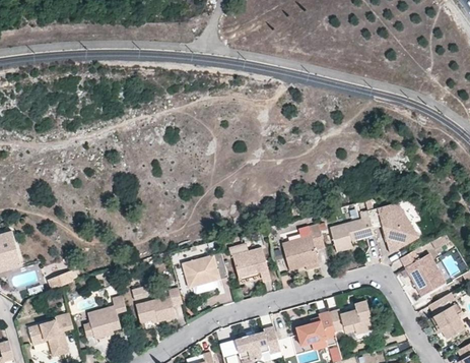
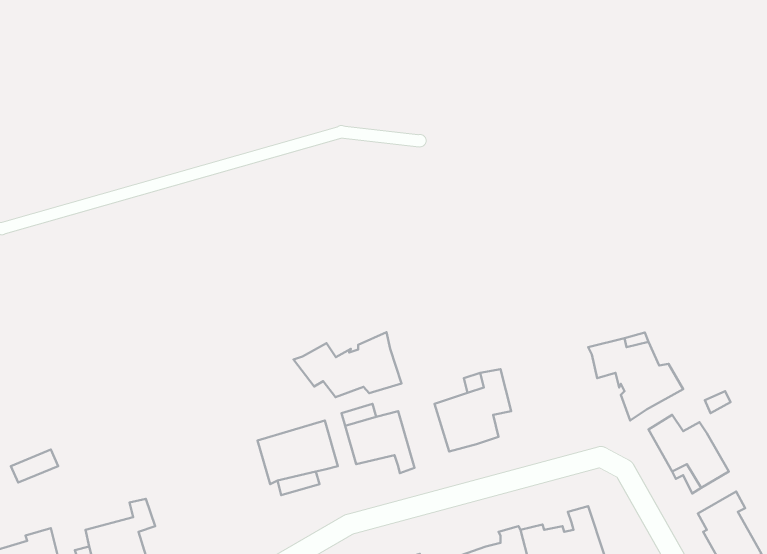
building: none -> [294,332,401,397]
building: [330,216,375,251] -> none
building: [137,289,183,322] -> none

